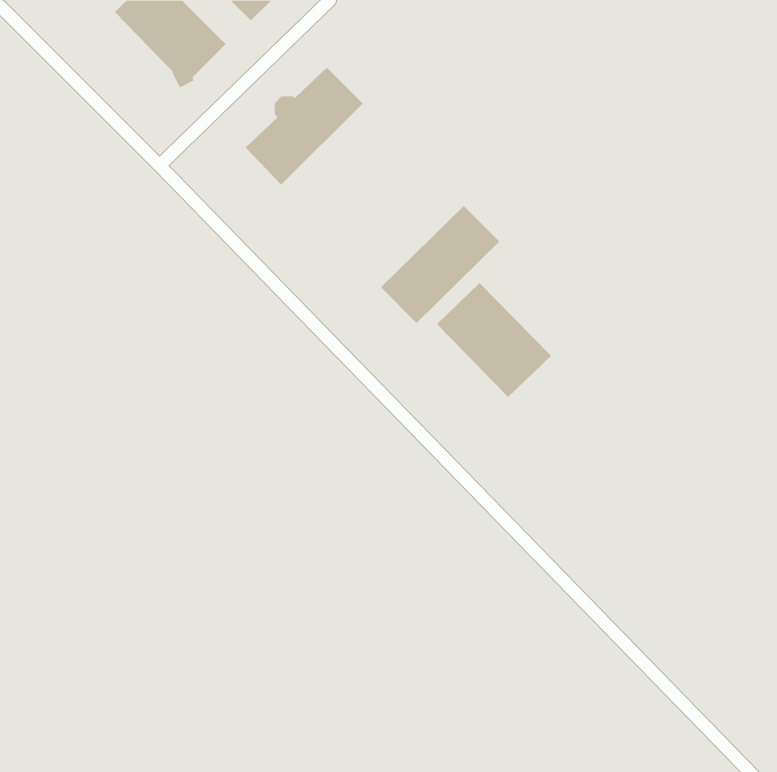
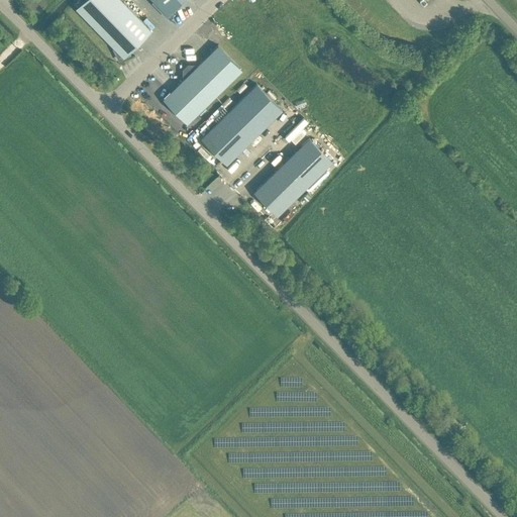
building: none -> [202,85,282,166]
building: [436,282,552,398] -> none

